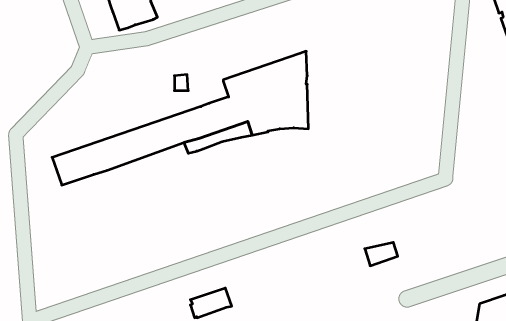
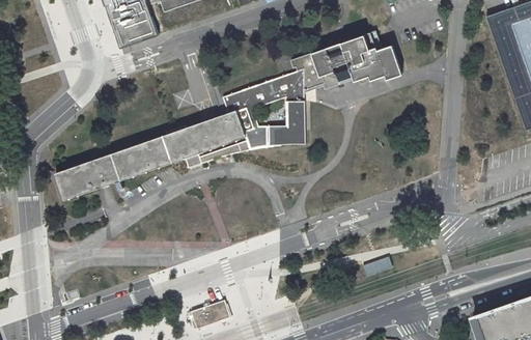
building: none -> [290,34,402,92]

